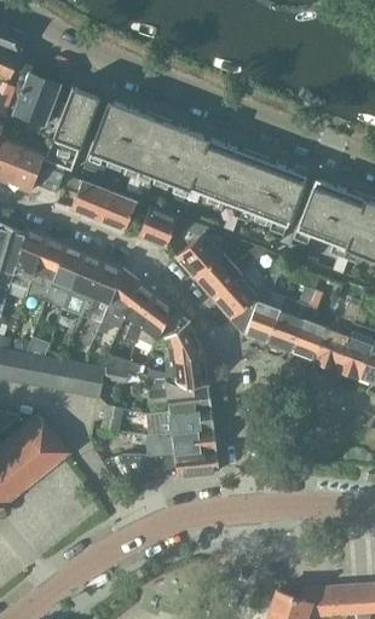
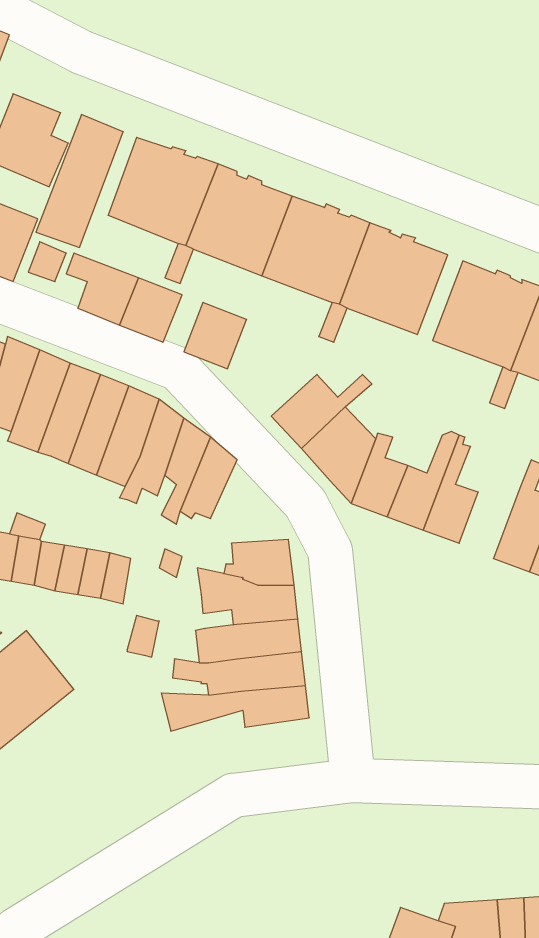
building: [175,232,223,279] -> none
building: [313,303,359,370] -> none
building: [157,307,204,360] -> none

